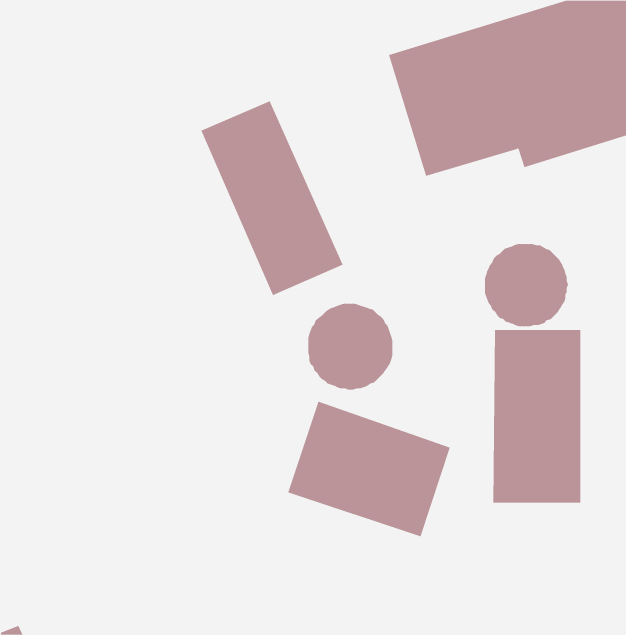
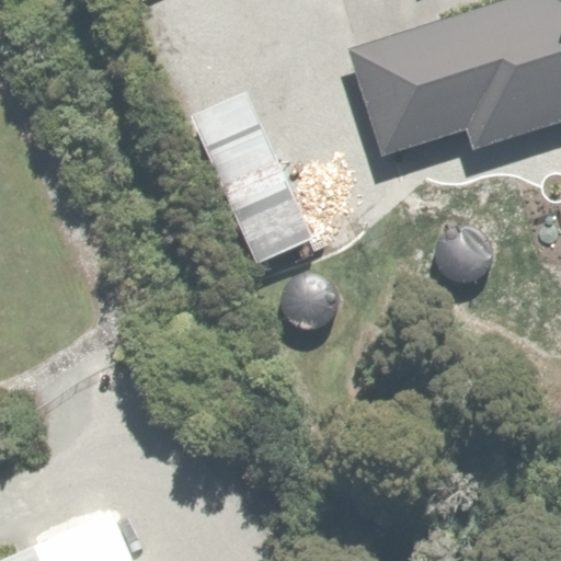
building: [493,329,581,503] -> none
building: [287,401,451,537] -> none

